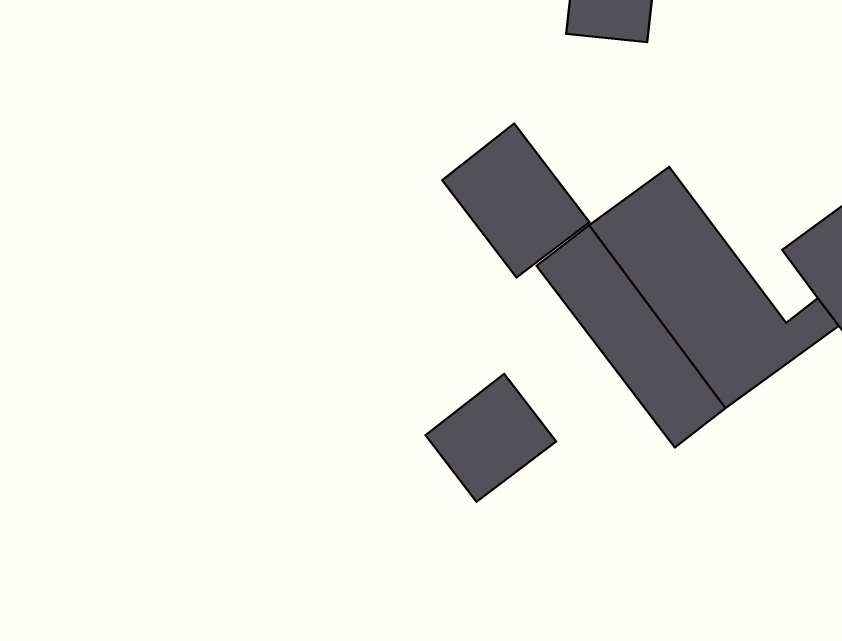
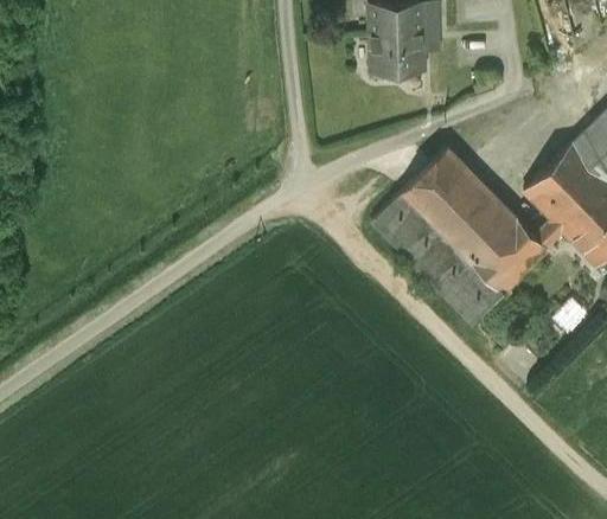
building: [442,123,590,277] -> none
building: [426,374,556,502] -> none

